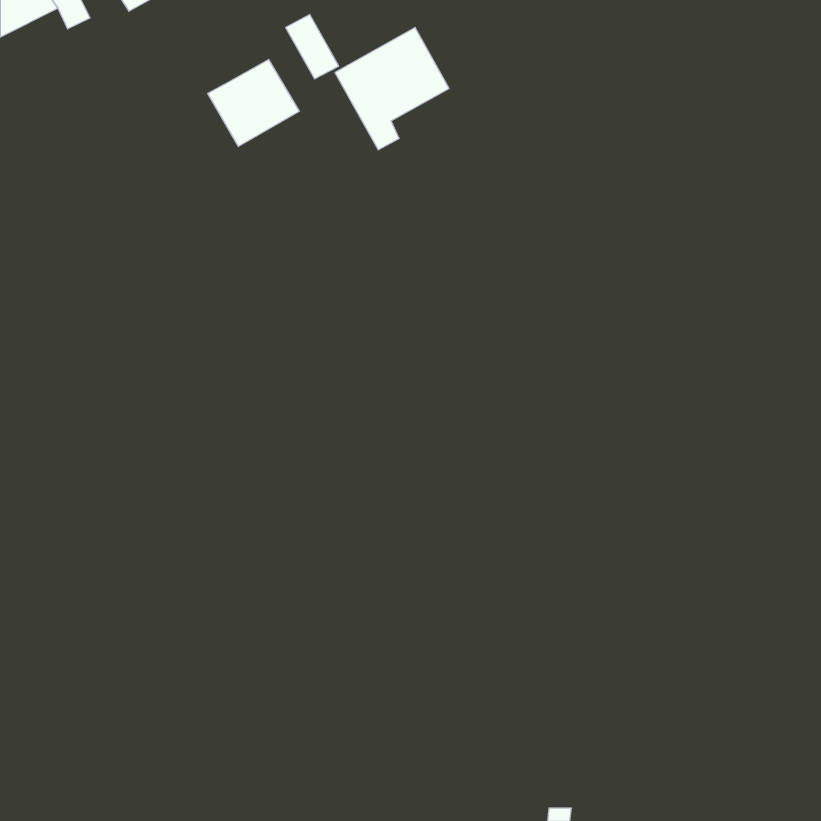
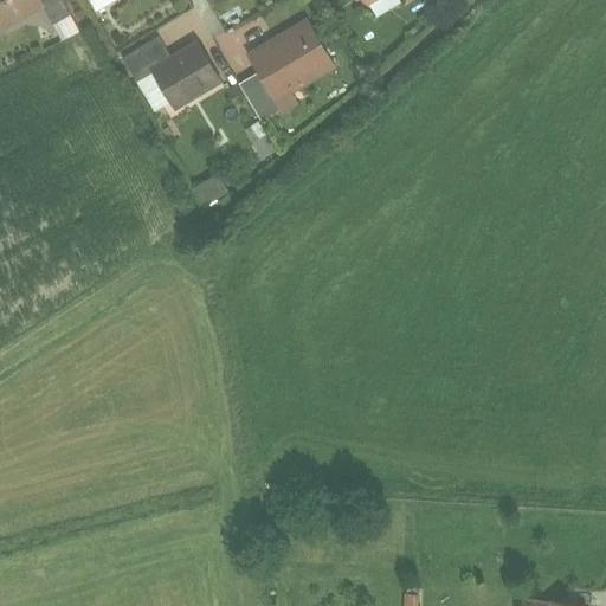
building: [286,15,339,79] -> [240,72,279,120]
building: none -> [122,38,169,80]

